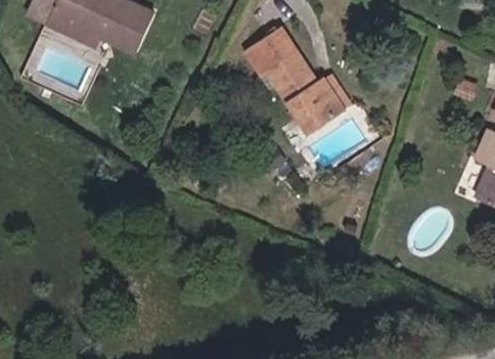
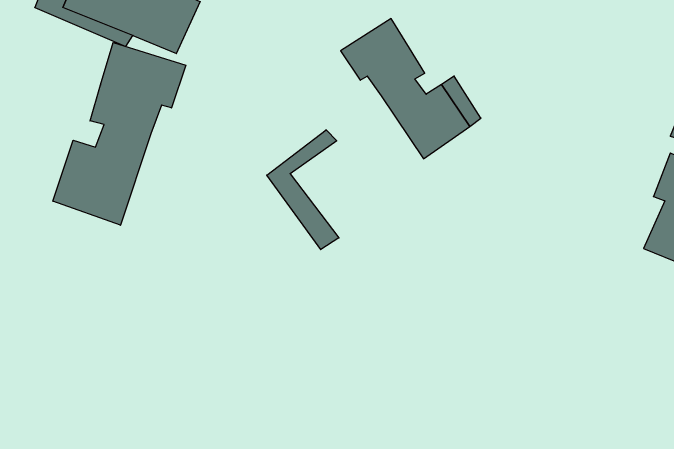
building: none -> [53,43,186,225]
building: none -> [267,130,339,250]

